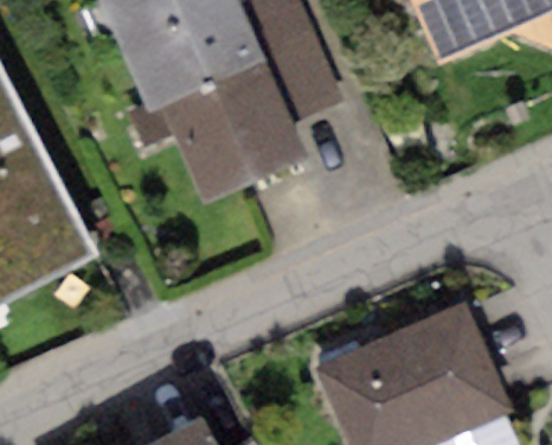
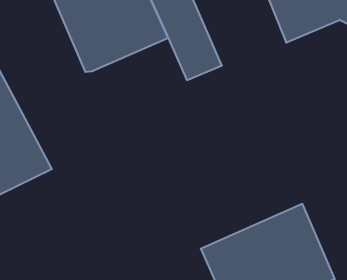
building: [156,61,310,208] -> none

